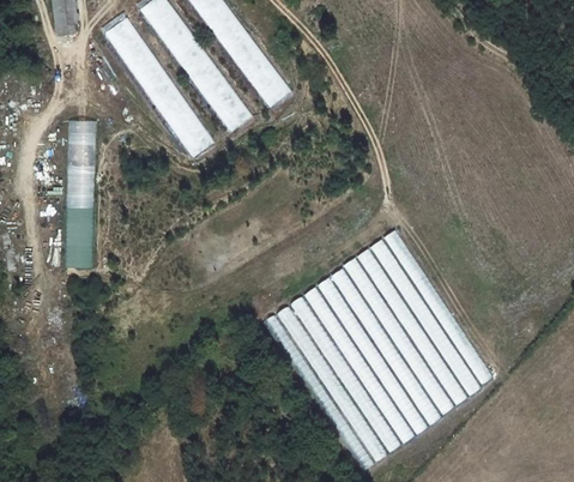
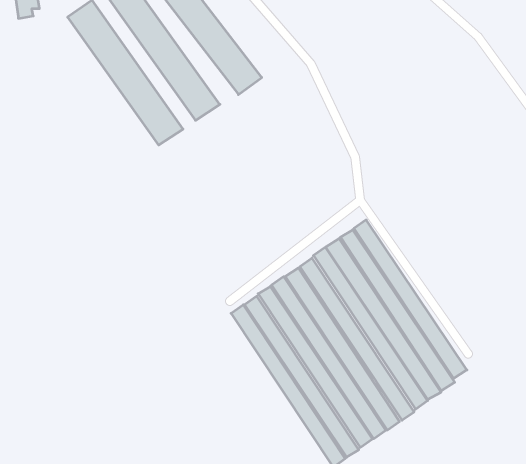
building: [65,120,96,266] -> none

